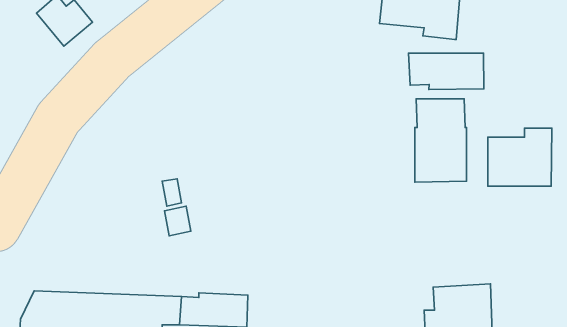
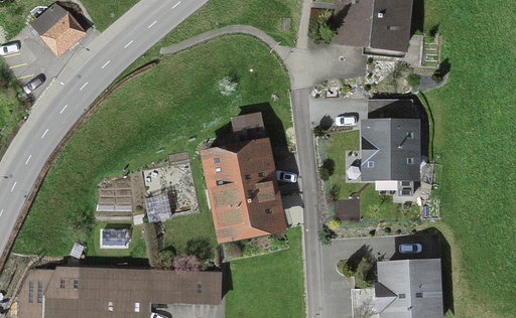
building: [409,53,484,90] -> none
building: none -> [206,116,275,232]
building: [488,128,552,186] -> none

